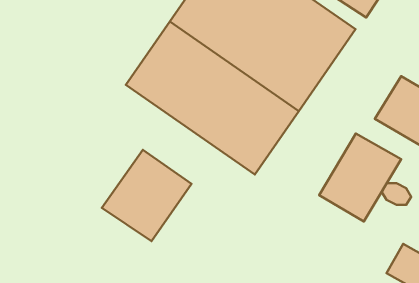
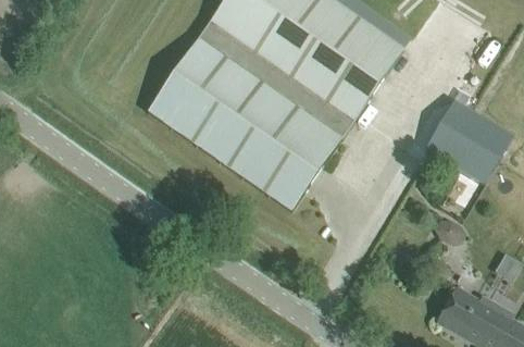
building: [319,133,401,222] -> none
building: [102,150,191,241] -> none

